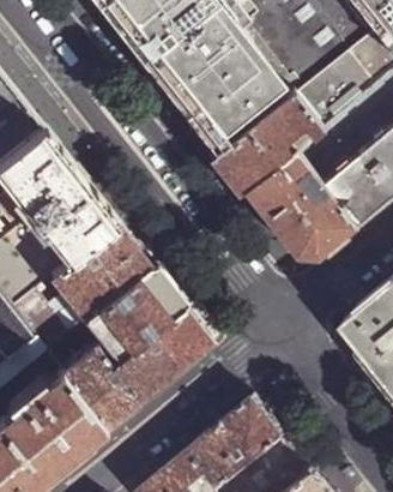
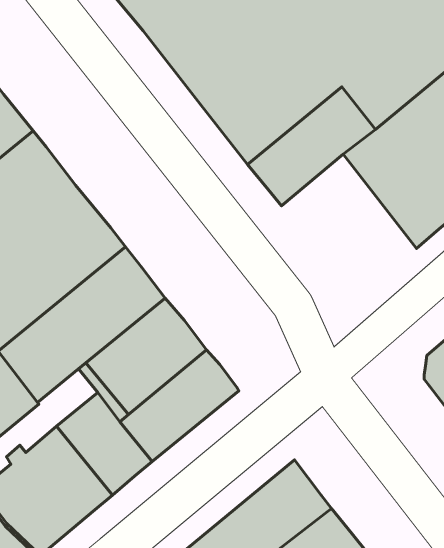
building: [244,150,355,254] -> none

